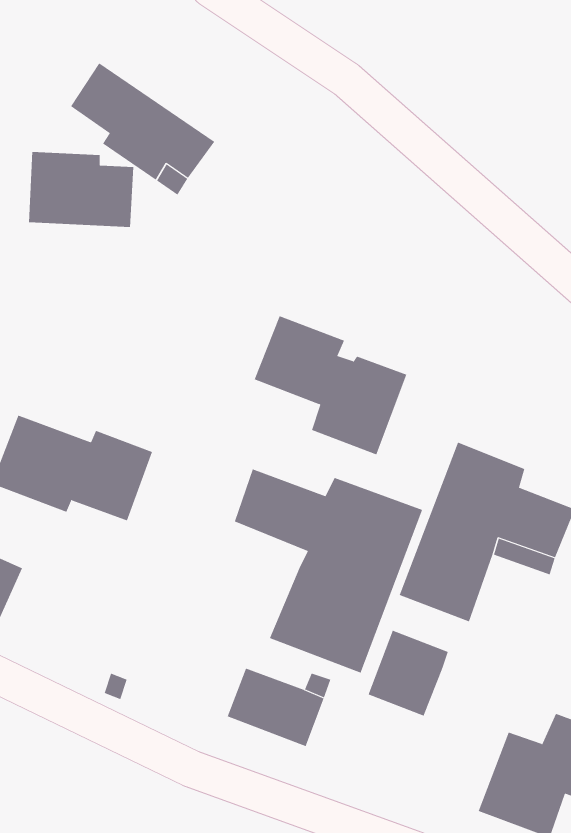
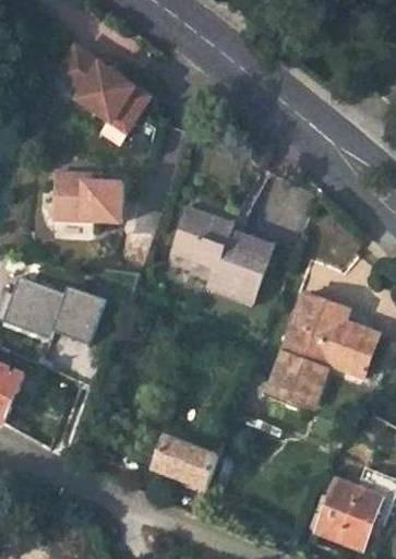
building: [28,152,134,227] -> [50,174,119,223]
building: [234,468,423,674] -> none
building: [368,630,448,716] -> none

